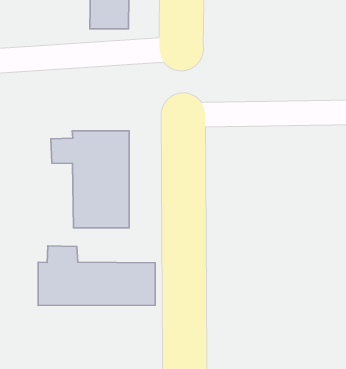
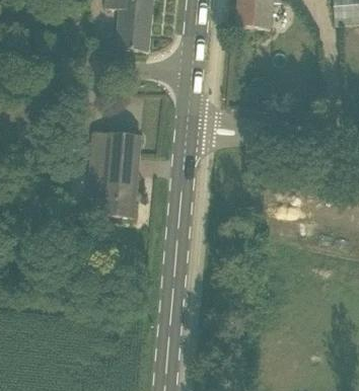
building: [38,246,155,305] -> none

